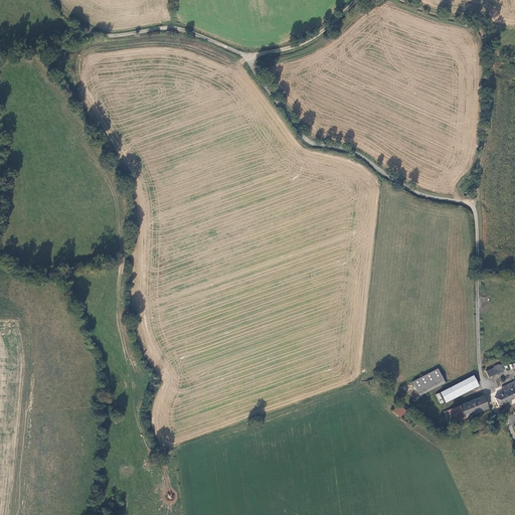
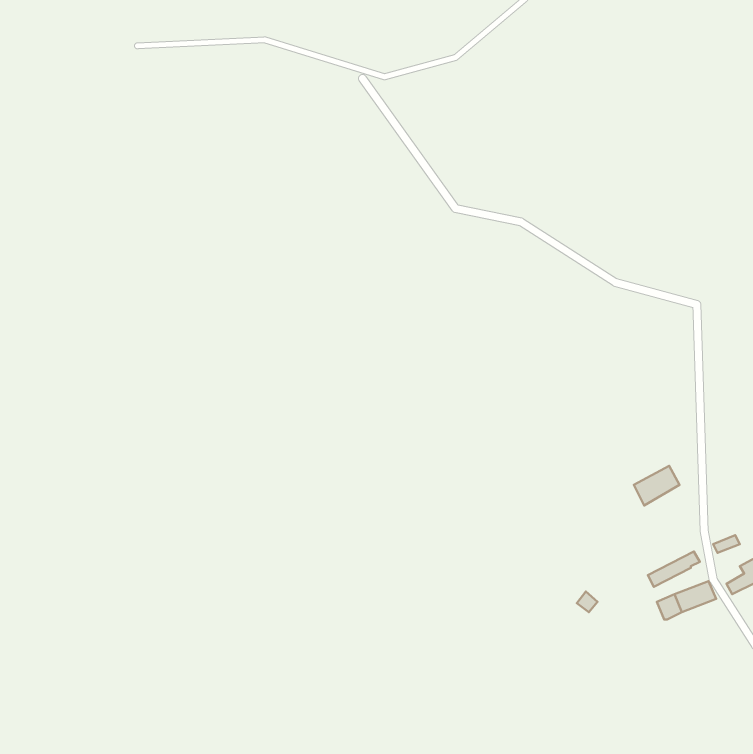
building: [414,368,446,395] -> [634,466,680,506]

